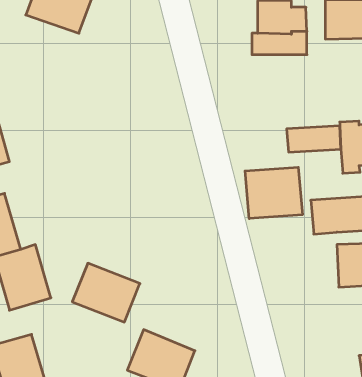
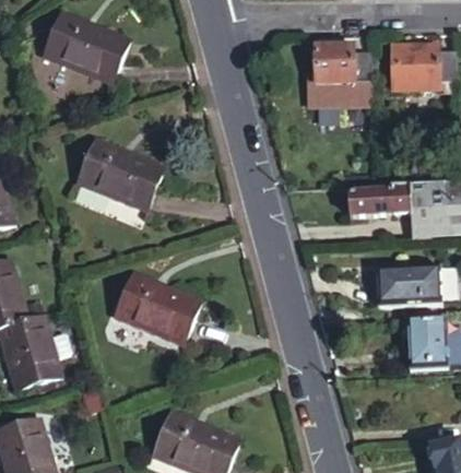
building: none -> [83,145,159,211]
building: [245,167,302,219] -> none
building: [72,263,140,322] -> [122,277,199,344]

